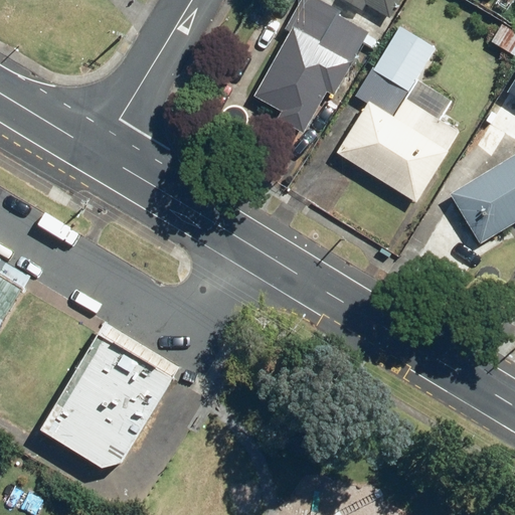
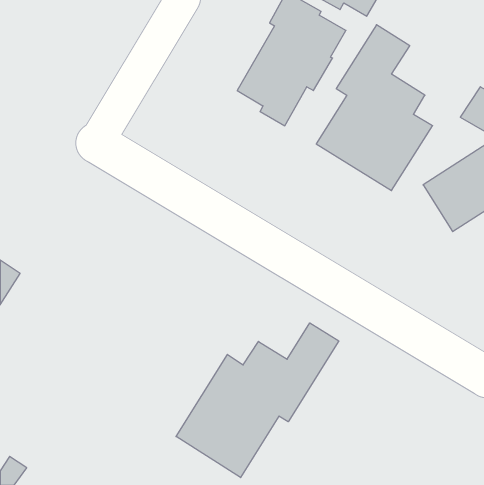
building: [33,331,170,472] -> none
building: none -> [176,323,339,478]

